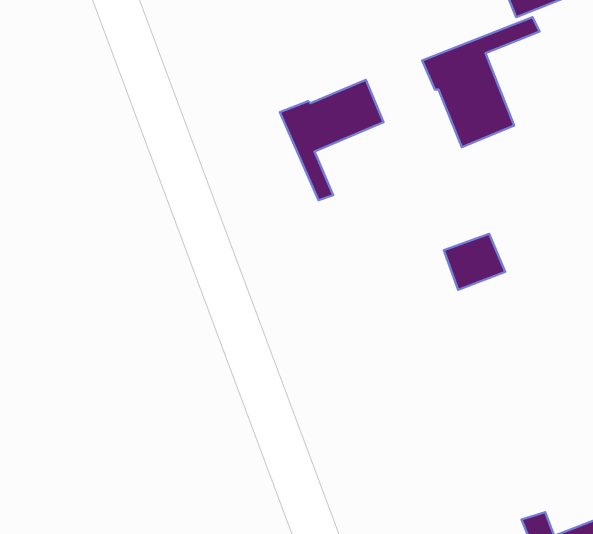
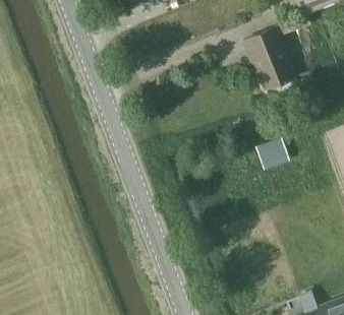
building: [280,80,383,200] -> none

